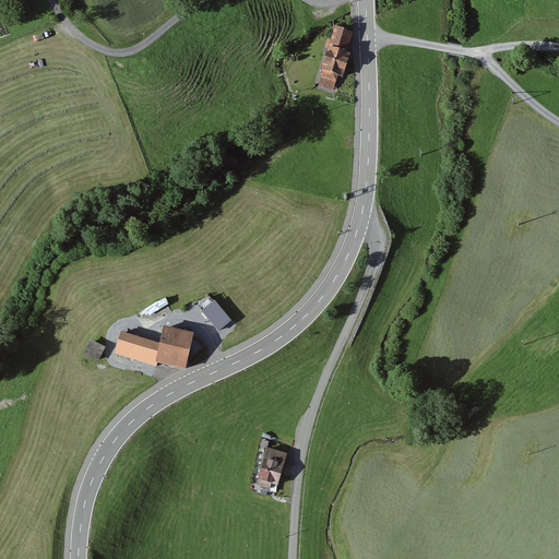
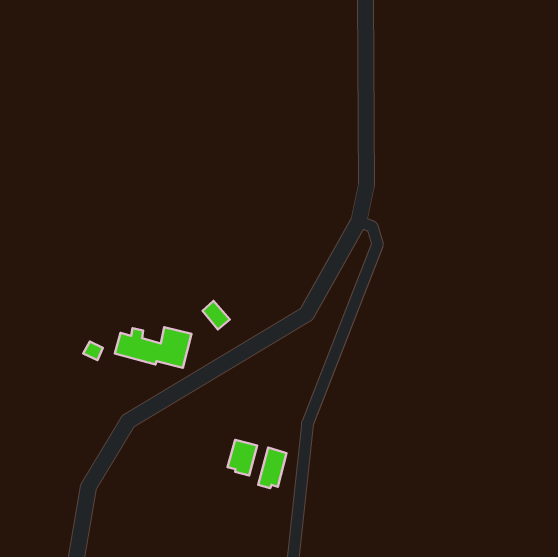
building: [319,28,353,91] -> none
building: none -> [228,440,257,475]

